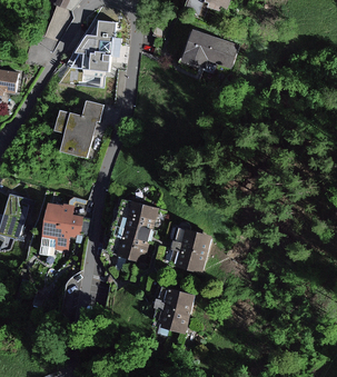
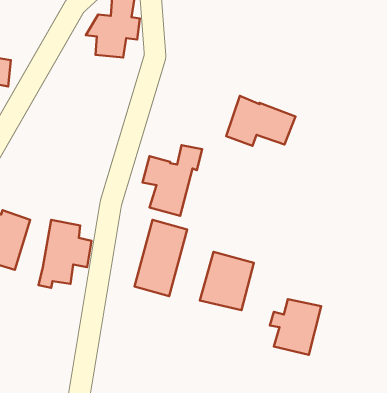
building: [181,29,237,69] -> [226,96,296,146]
building: [54,101,102,158] -> [143,145,202,216]
building: [153,288,195,333] -> [270,299,321,355]

